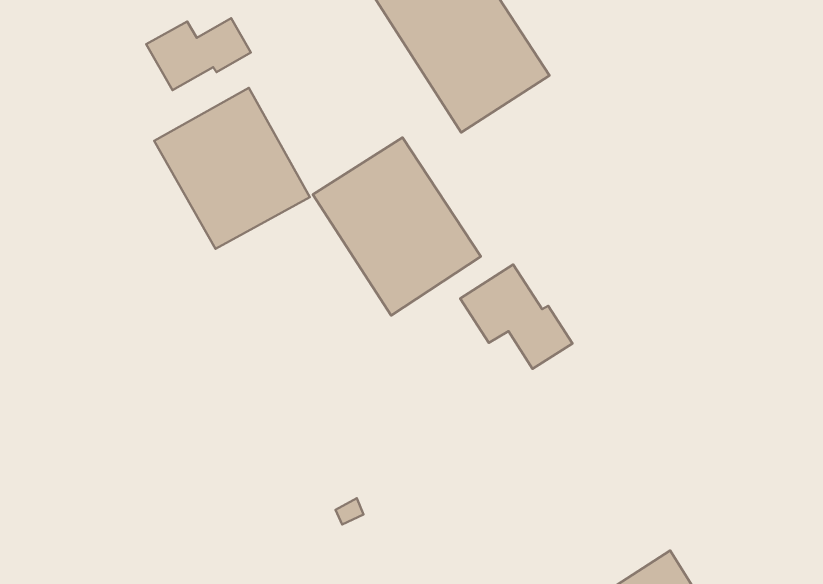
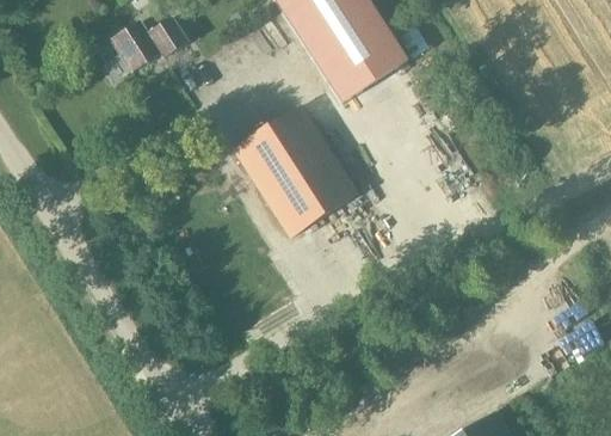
building: [154,88,310,249] -> none
building: [460,264,572,369] -> none

